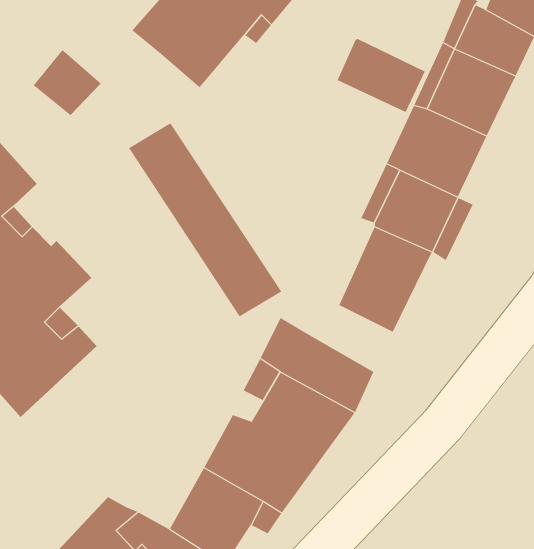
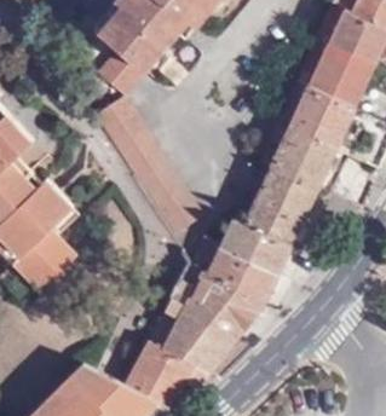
building: [337,38,426,113] -> none
building: [33,49,101,116] -> [99,46,148,93]
building: none -> [223,216,284,271]

